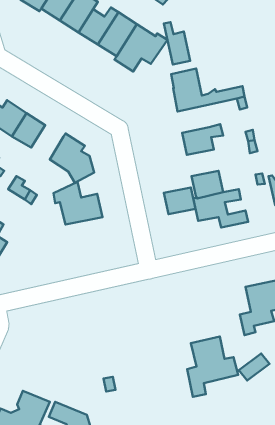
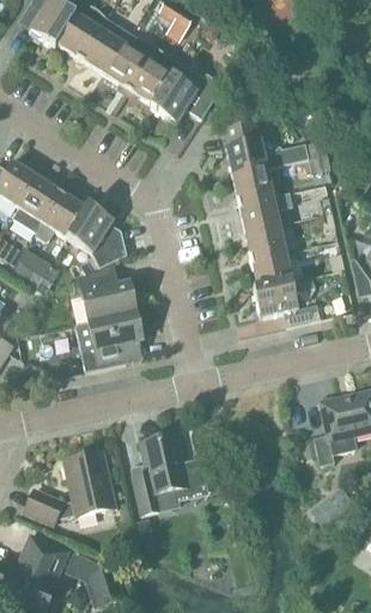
building: [164,22,190,64] -> none
building: none -> [232,168,273,202]
building: none -> [35,193,87,241]
building: [164,187,195,214] -> [244,224,285,259]
building: none -> [80,311,141,371]
building: none -> [63,450,114,514]
building: [187,337,238,397] -> [134,433,200,511]
building: none -> [24,488,62,523]

